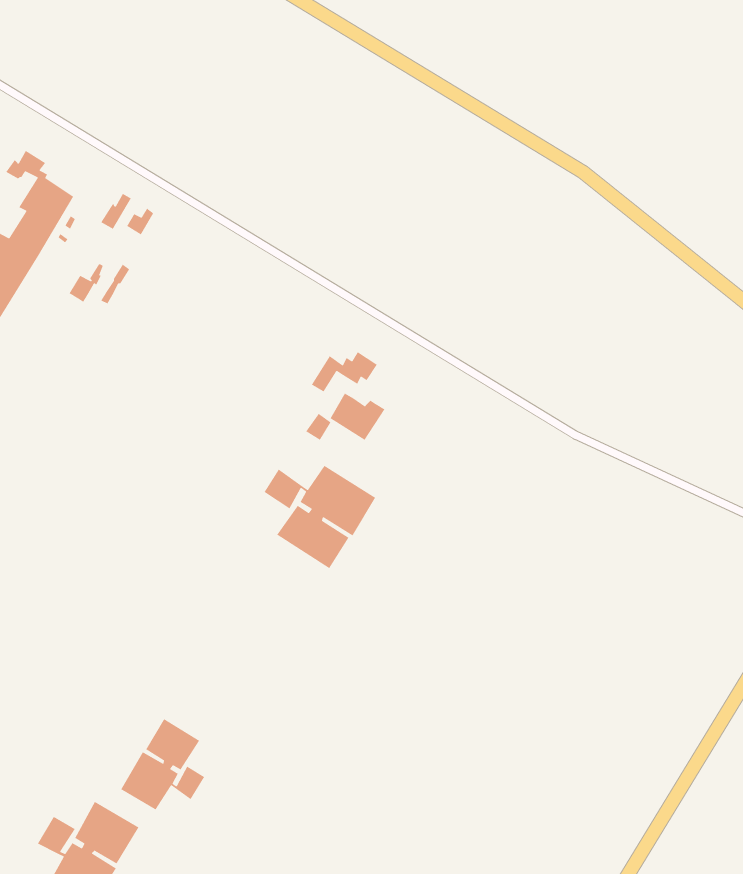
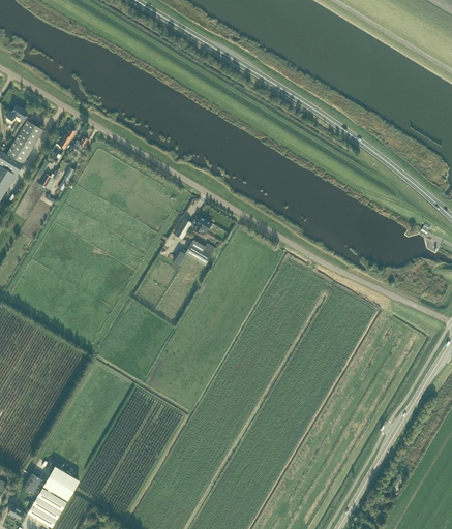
building: [263,465,376,569] -> none
building: [120,718,205,811] -> none

